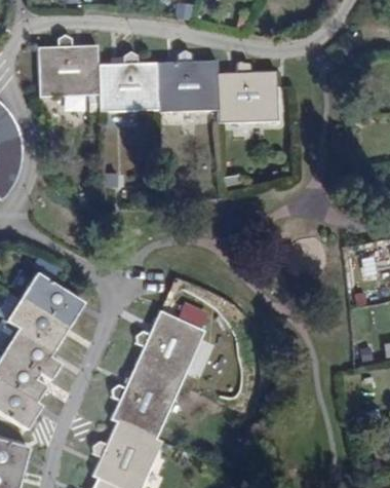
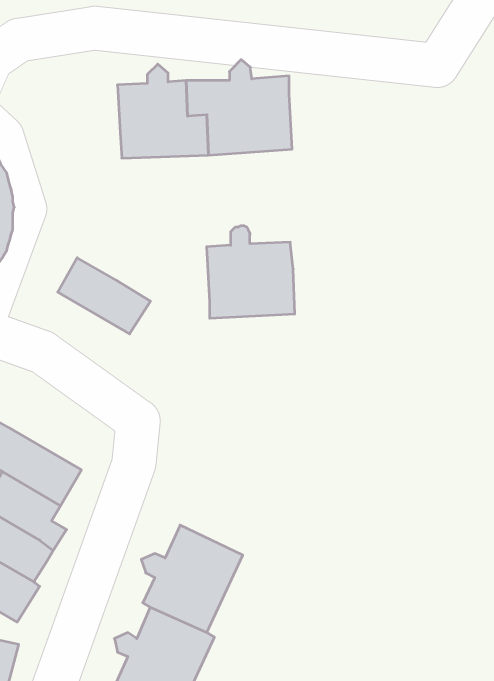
building: [36,37,98,100] -> none
building: [213,54,274,118] -> [207,226,295,318]
building: [22,275,85,328] -> [58,258,150,334]
building: [138,312,207,386] -> none

